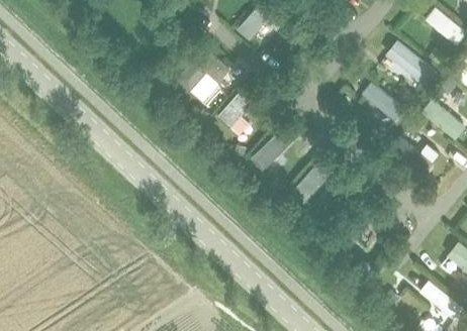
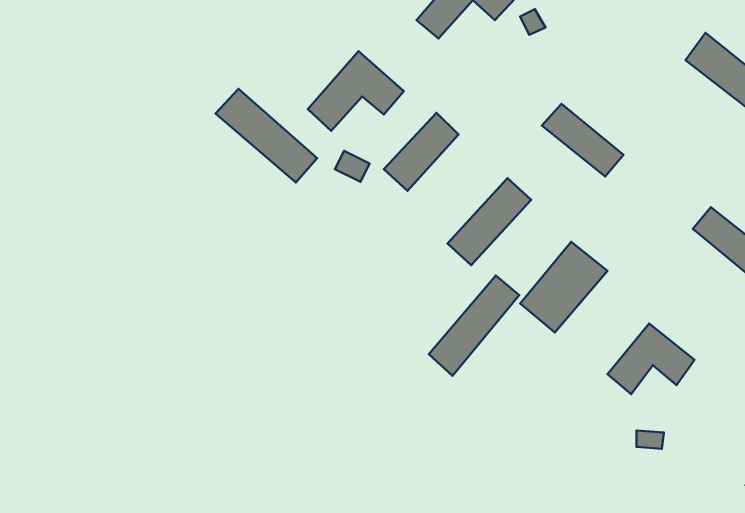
building: none -> [215,89,317,183]
building: [359,81,404,121] -> [542,104,623,176]
building: none -> [429,276,519,376]

